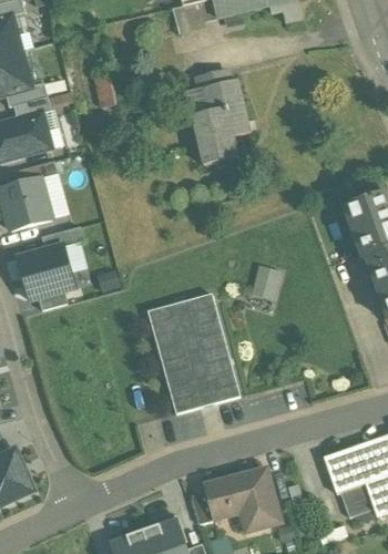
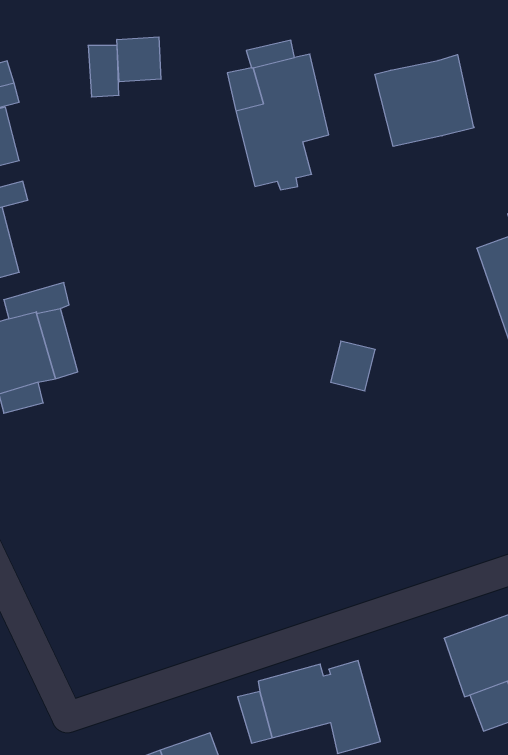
building: none -> [117,37,161,82]
building: none -> [375,55,474,146]
building: [147,293,237,412] -> none

